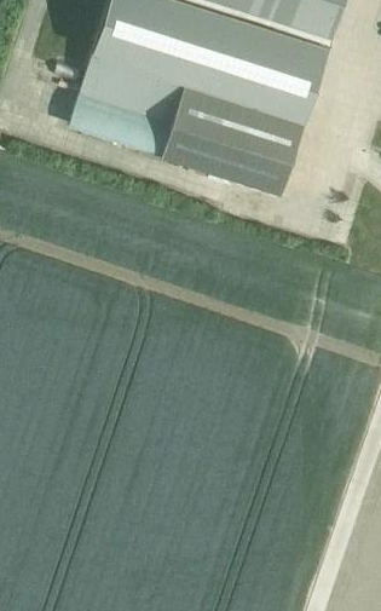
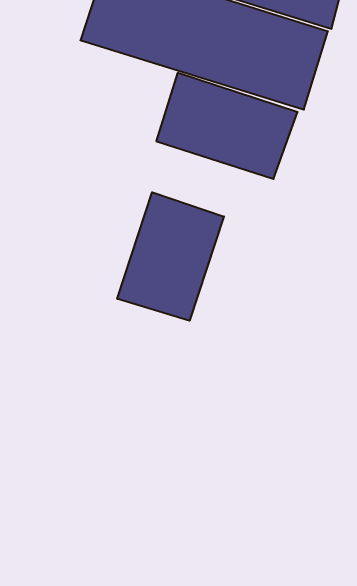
building: [71,60,178,154] -> none
building: none -> [117,192,224,321]

